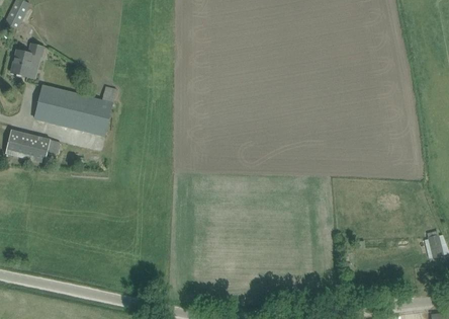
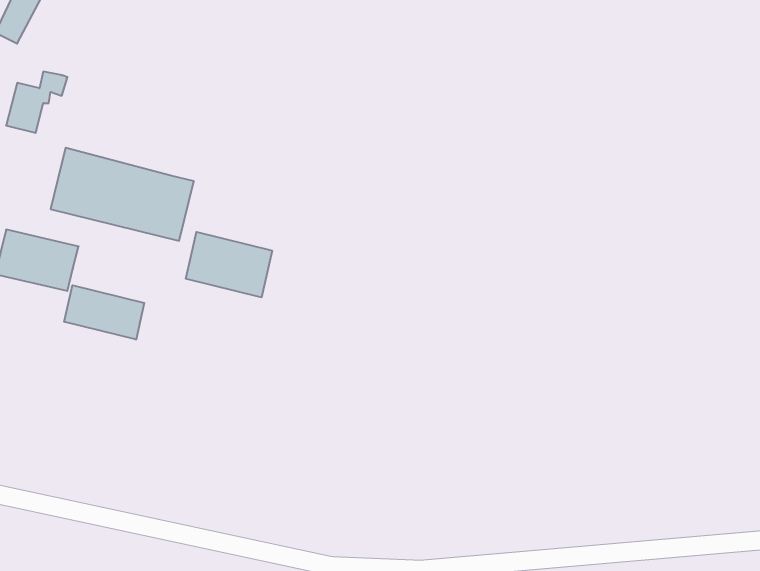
building: none -> [186,232,272,297]
building: none -> [64,285,144,340]

